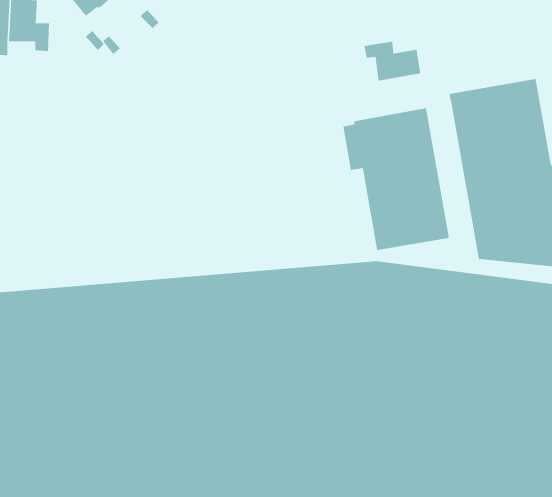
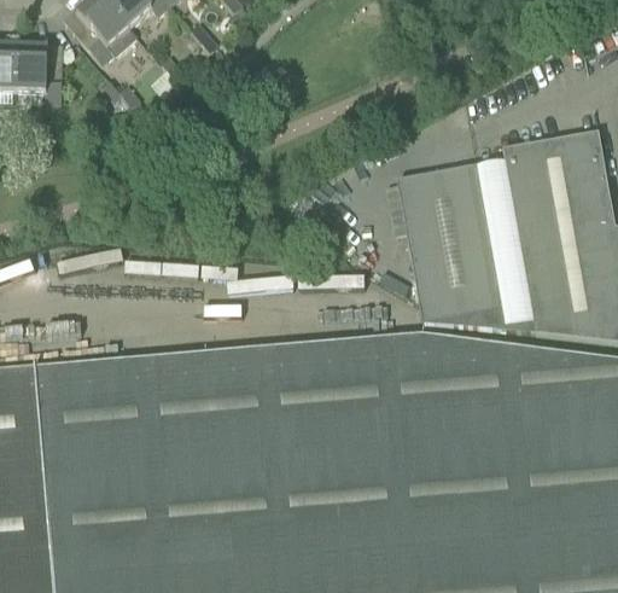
building: [363,41,421,82] -> none
building: none -> [421,158,534,330]

